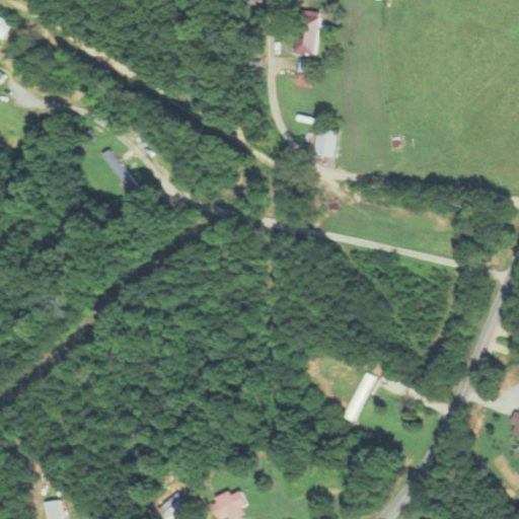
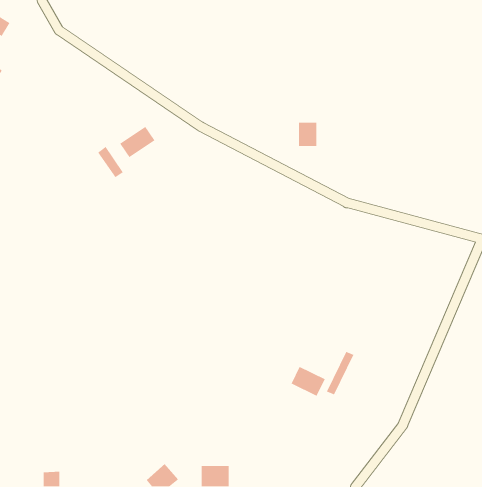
building: [294,9,321,55] -> none
building: none -> [119,126,155,158]
building: none -> [291,366,326,397]

